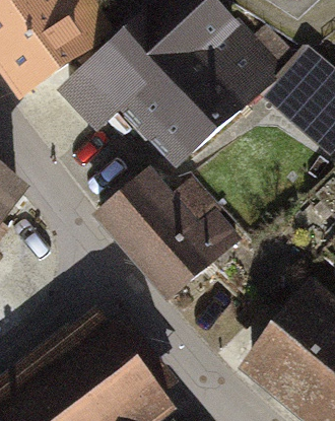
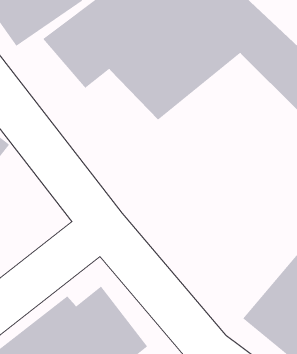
building: [104,170,238,294] -> none

